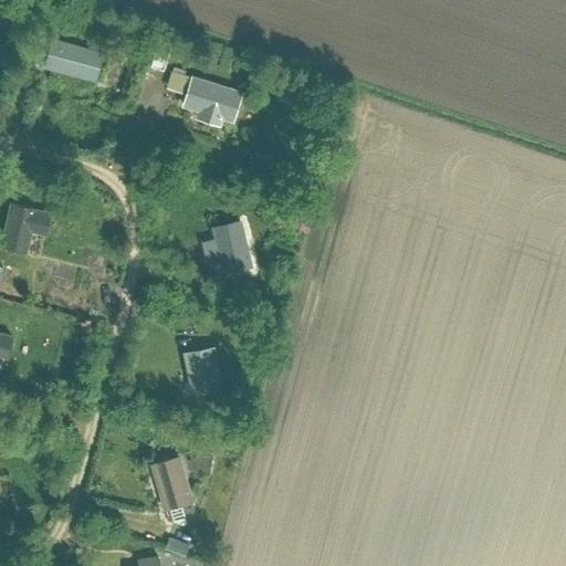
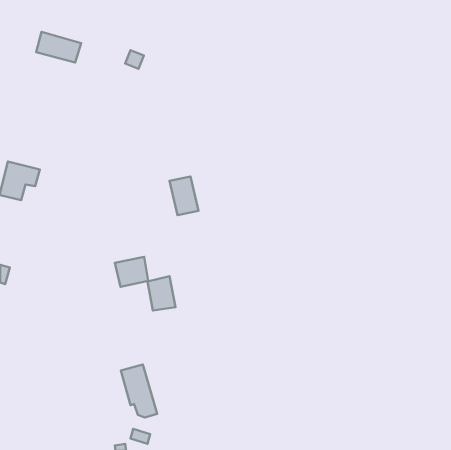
building: [184,77,240,125] -> none
building: none -> [115,257,148,287]

